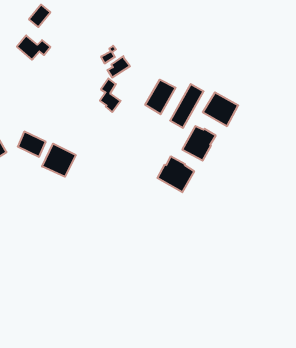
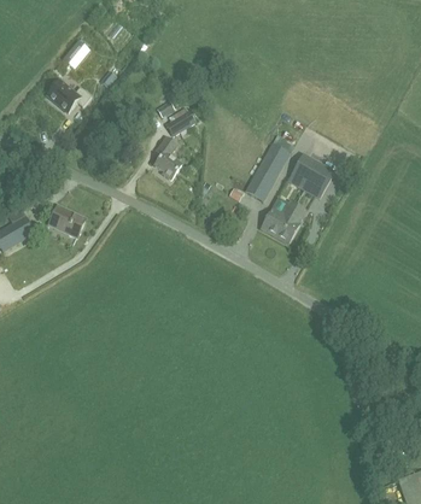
building: [145,80,176,114] -> none
building: [42,144,76,177] -> none
building: [157,156,194,192] -> none

